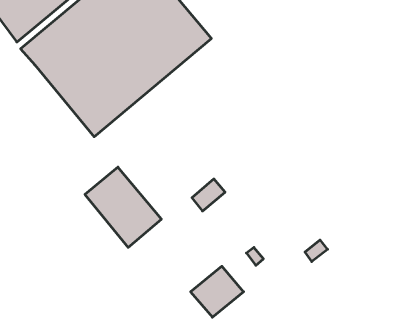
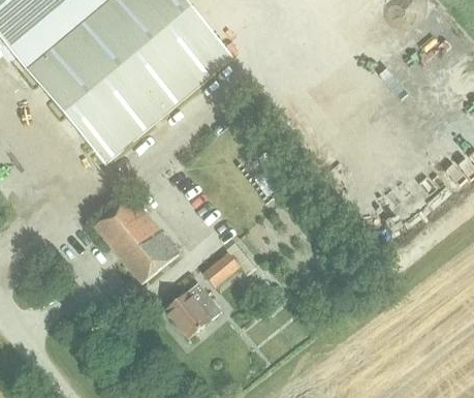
building: [192,179,225,211] -> [202,252,239,287]
building: [191,266,244,317] -> [163,283,221,339]

